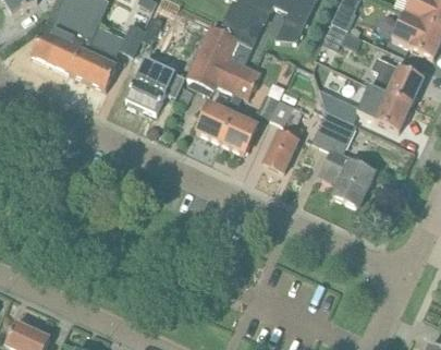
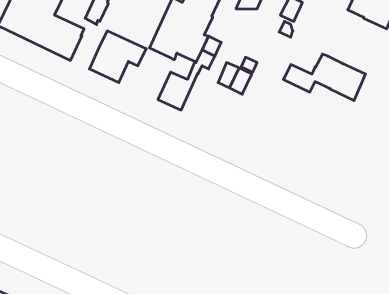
building: [371,57,424,105] -> none
building: [220,104,258,154] -> none
building: [310,110,375,207] -> none
building: [262,120,303,172] -> none

